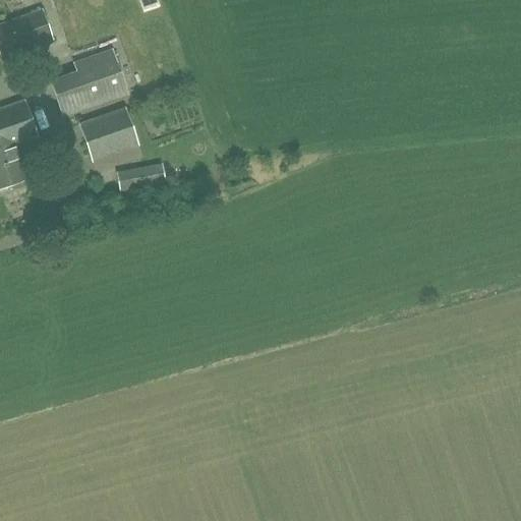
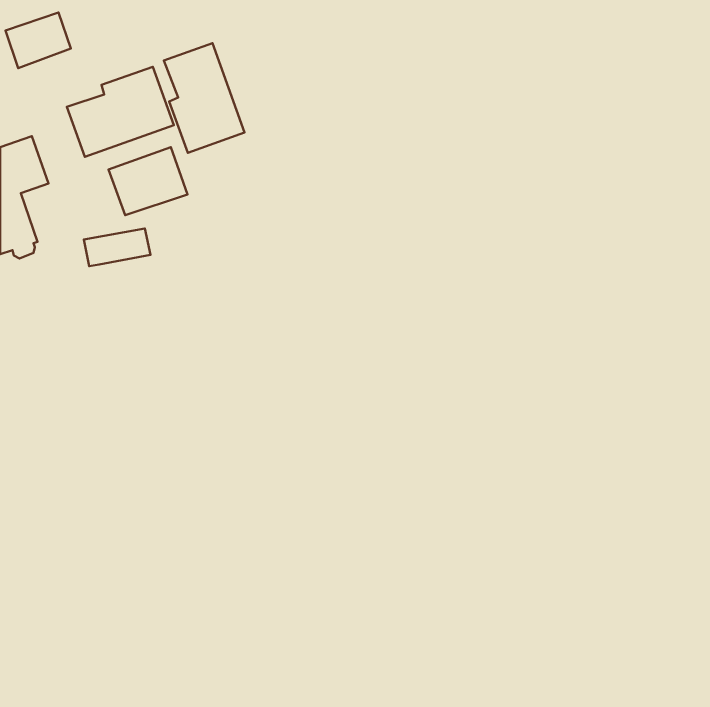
building: none -> [164,43,245,153]
building: [124,163,173,190] -> [84,229,150,266]

